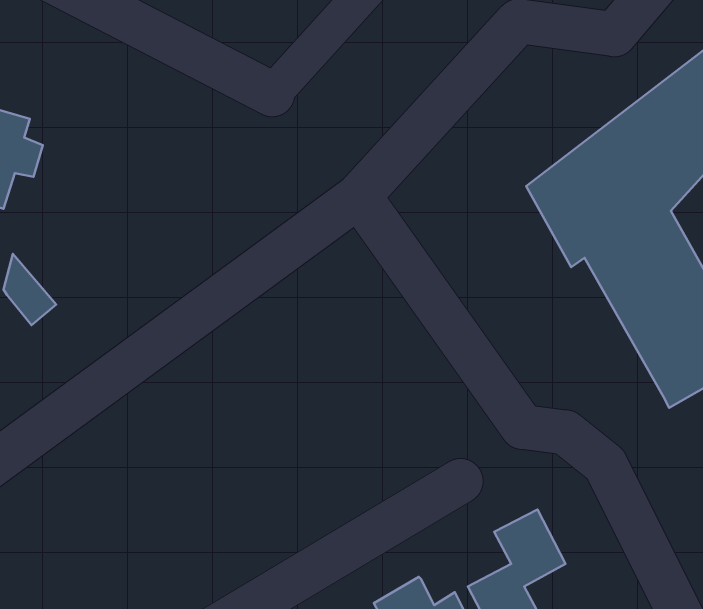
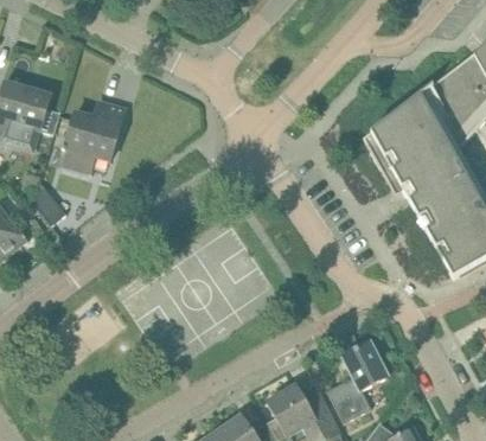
building: none -> [59,103,124,171]

